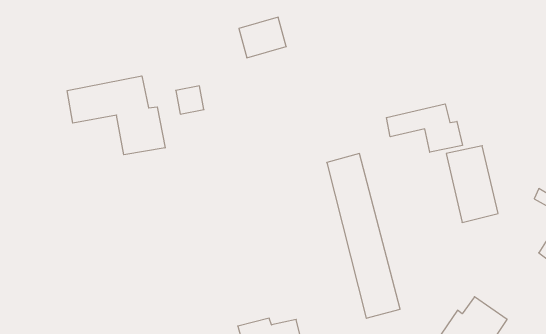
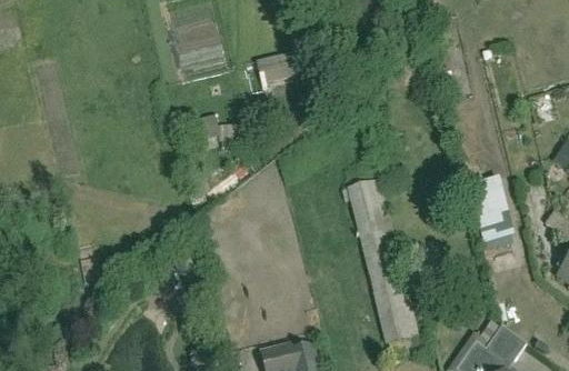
building: [67,76,165,155] -> none
building: [386,104,462,152] -> none

